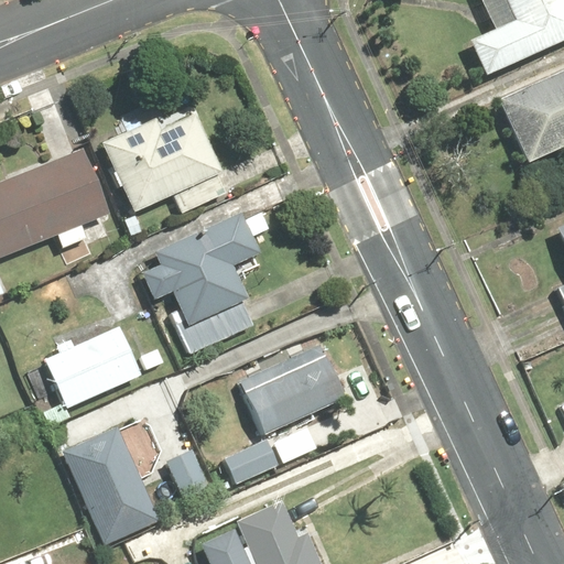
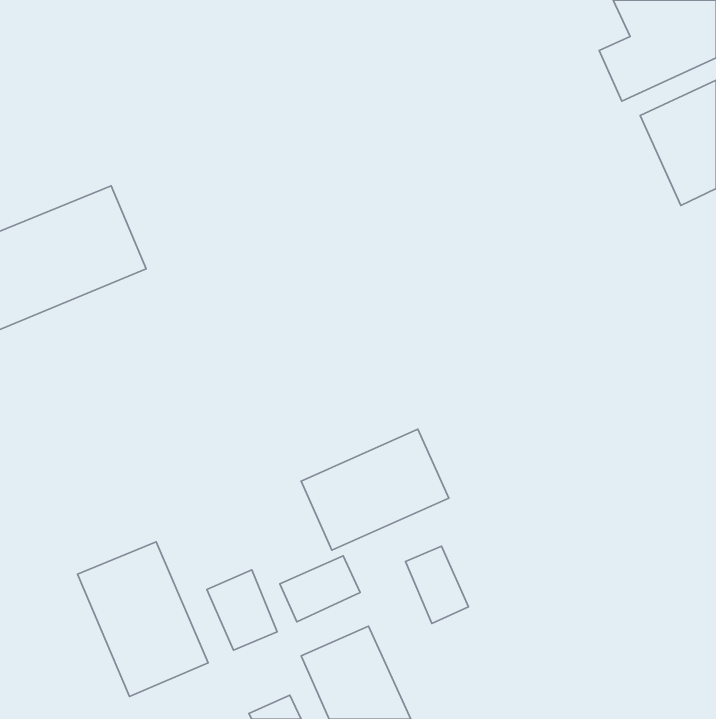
building: [99,100,226,213] -> none
building: [139,213,264,357] -> none
building: [42,324,144,410] -> none
building: none -> [406,546,469,623]

